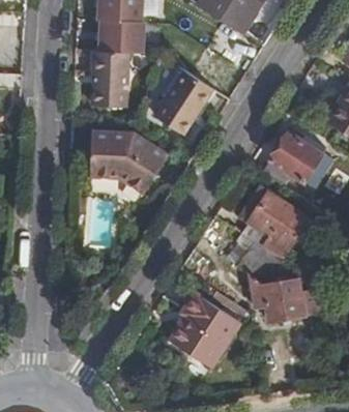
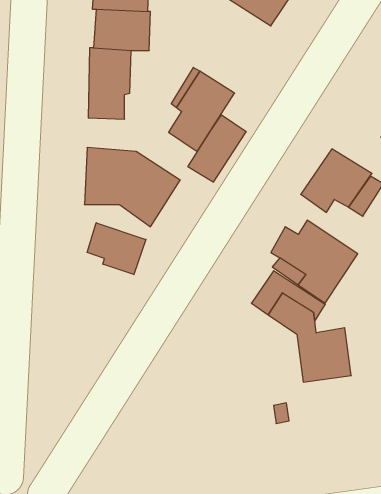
building: none -> [188,115,246,182]
building: none -> [87,223,146,275]
building: [171,293,240,369] -> none

